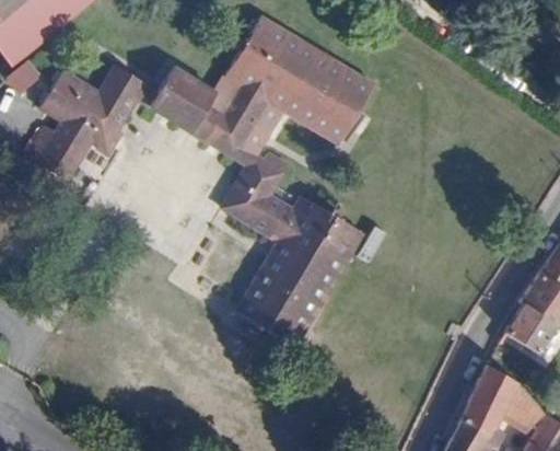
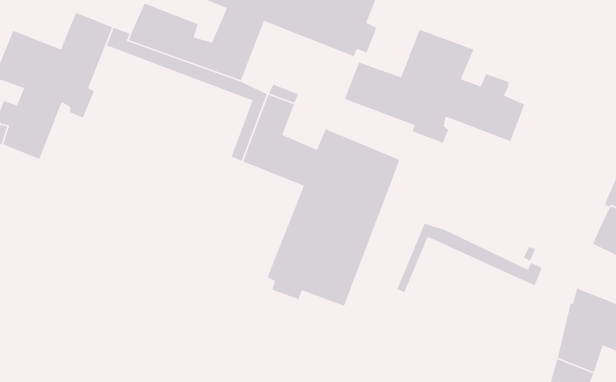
building: none -> [344,29,525,144]
building: none -> [396,223,543,293]

